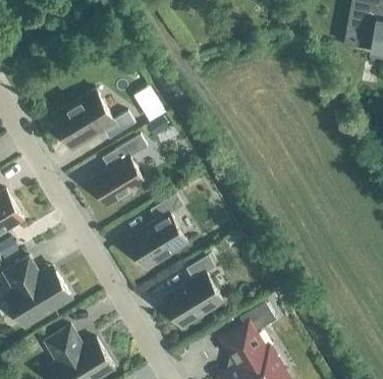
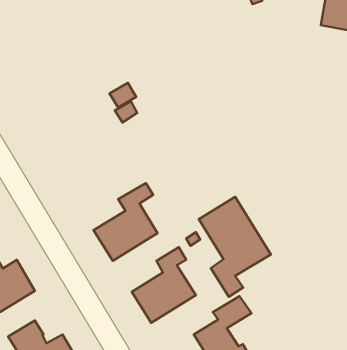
building: [53,92,134,148] -> none
building: [91,136,148,206] -> none
building: none -> [199,197,271,297]

